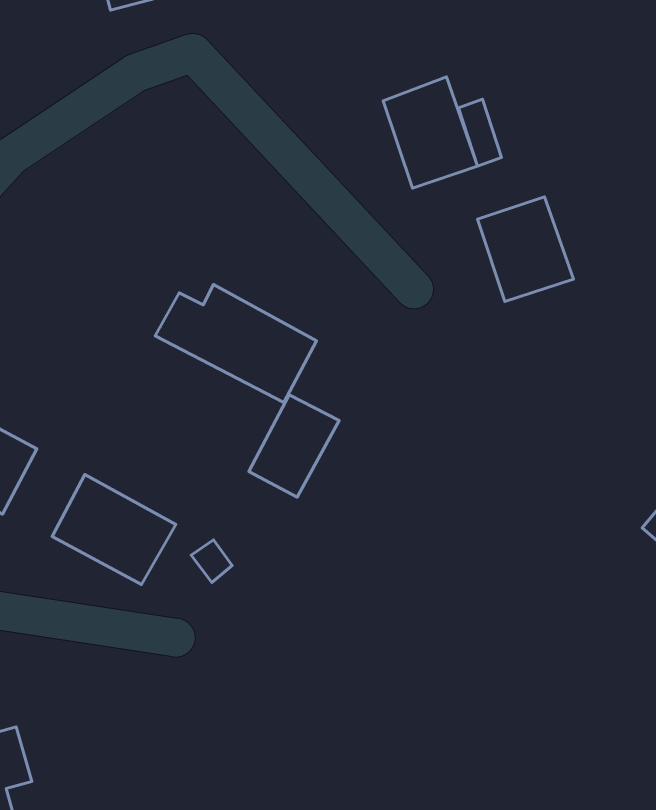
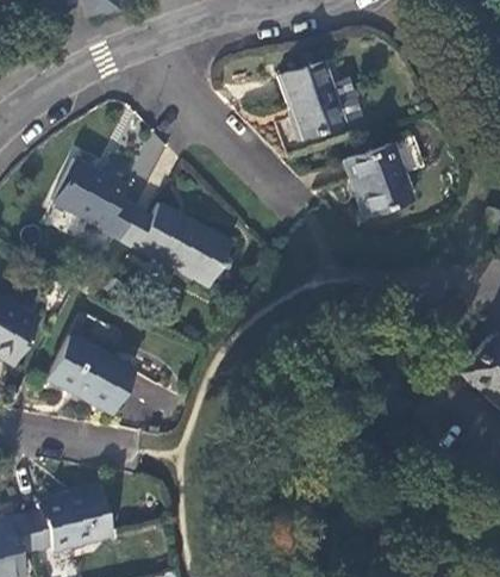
building: none -> [56,160,138,240]
building: [249,395,339,497] -> none
building: none -> [25,484,113,550]

